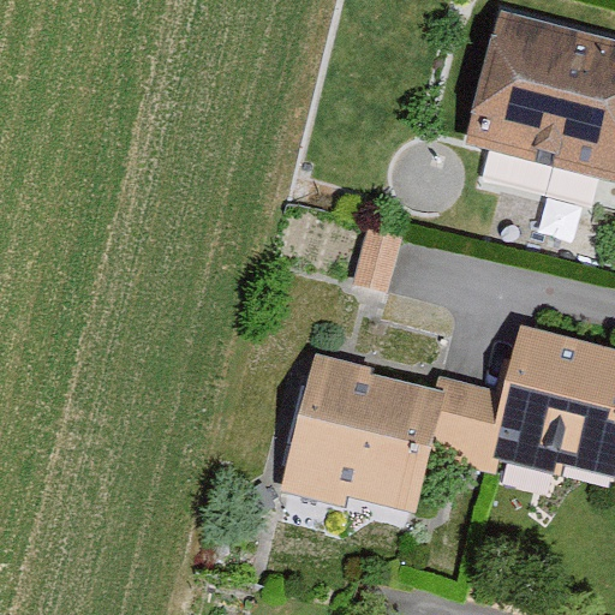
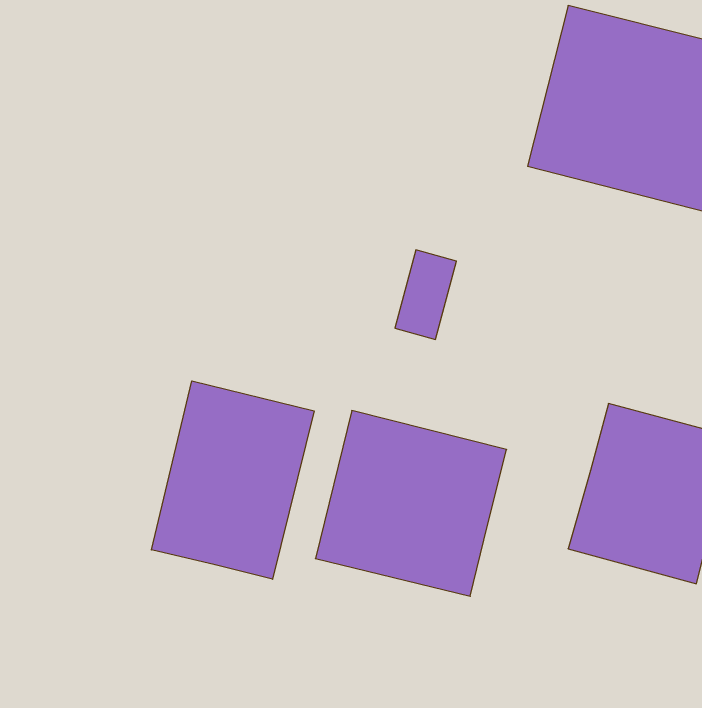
building: none -> [151,381,314,579]
building: [429,387,518,472] -> none

